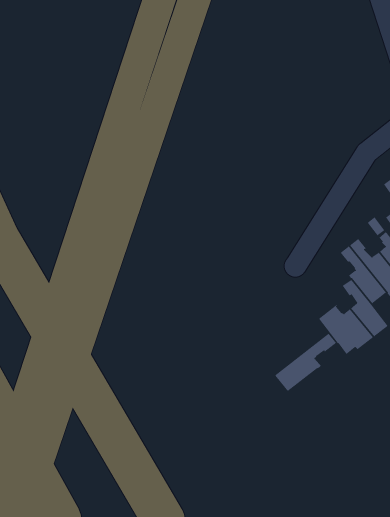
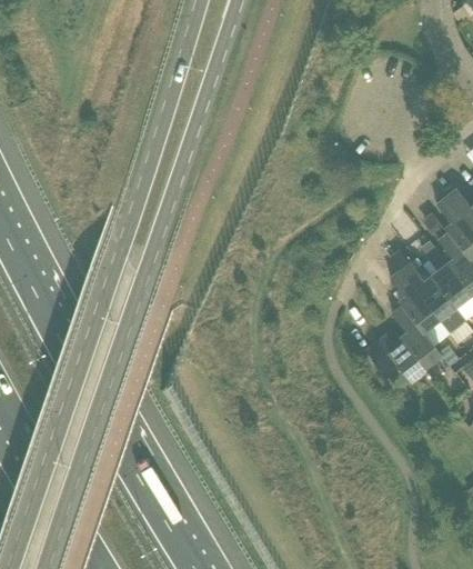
building: [274,333,337,392] -> none

